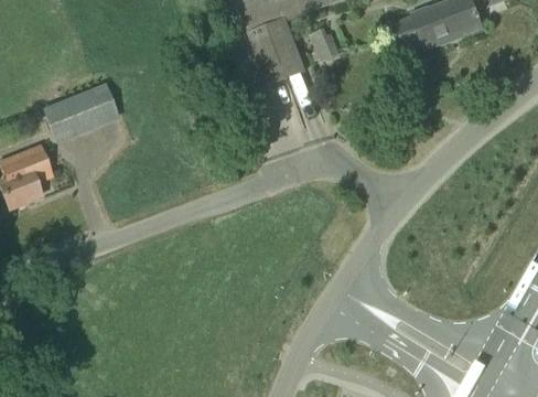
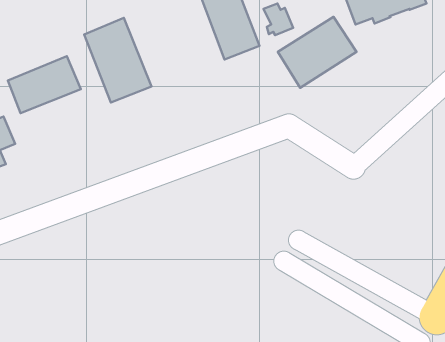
building: none -> [278,17,357,88]
building: none -> [84,18,152,102]

